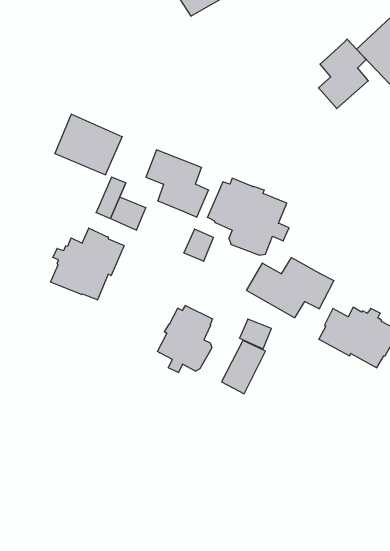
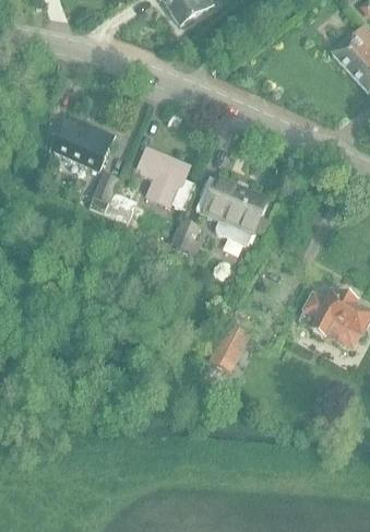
building: [318,39,368,109] -> none
building: [51,228,124,300] -> none
building: [247,258,334,318] -> none
building: [157,305,213,373] -> none

